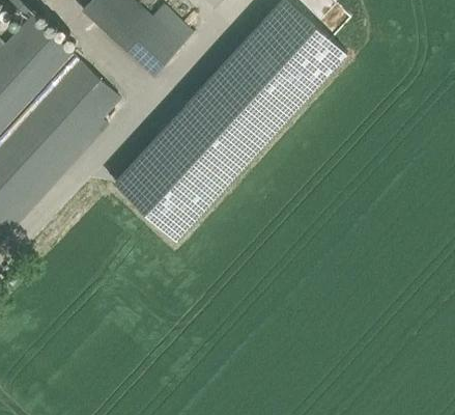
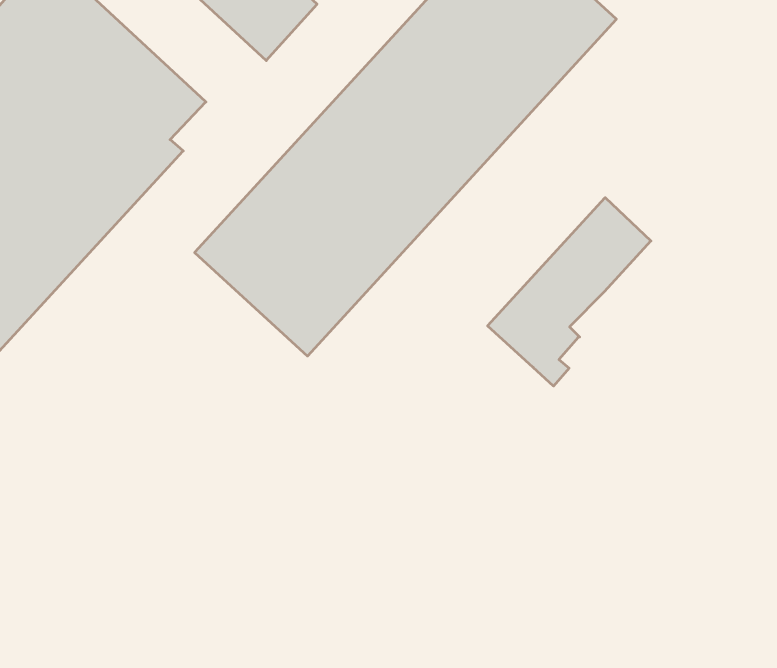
building: none -> [488,198,651,386]

